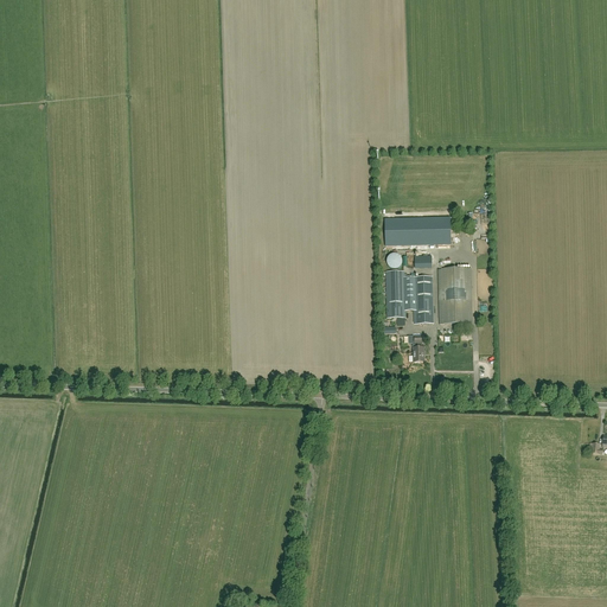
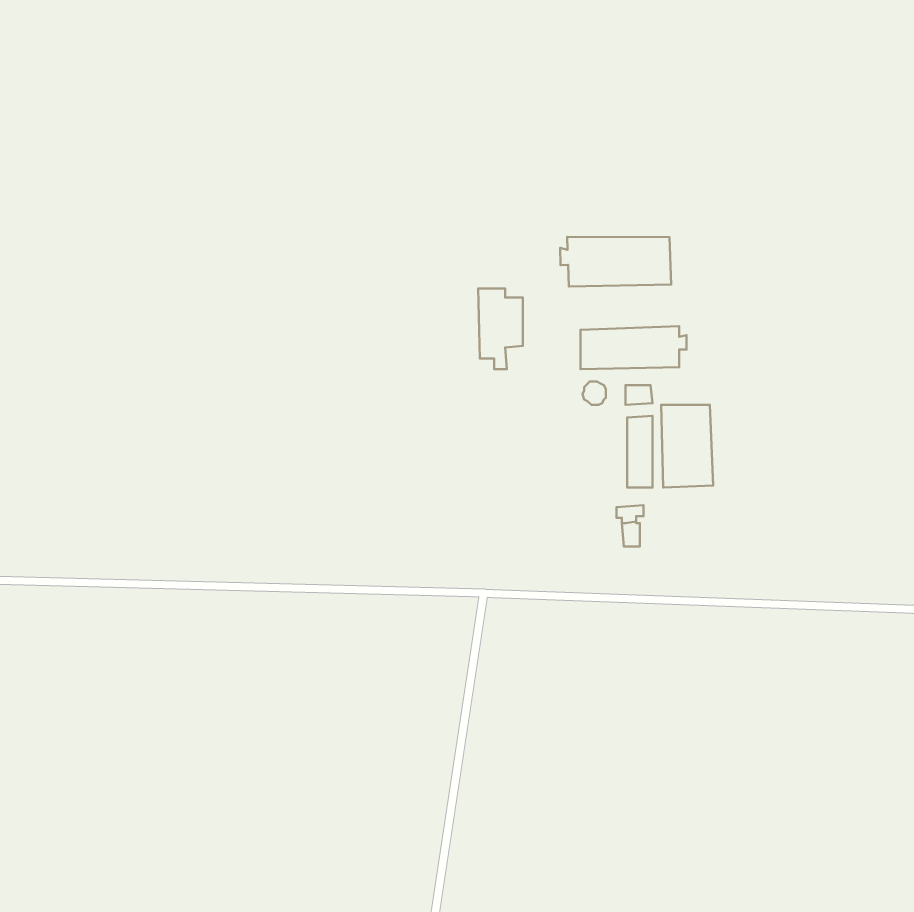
building: none -> [560,237,671,287]
building: [385,270,415,324] -> [478,288,523,369]

